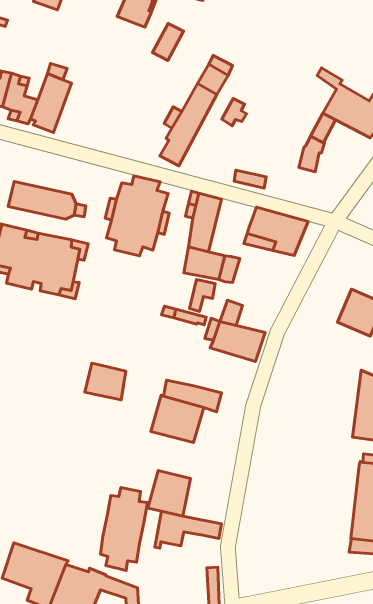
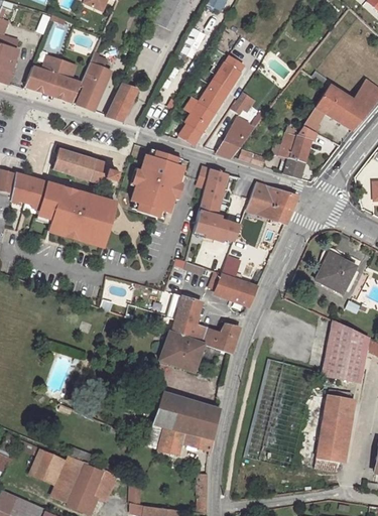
building: none -> [107,84,138,121]
building: none -> [217,117,255,159]
building: none -> [280,125,305,177]
building: [85,363,126,400] -> [167,293,202,325]
building: none -> [214,324,241,353]
building: none -> [181,400,221,438]
building: [100,487,147,570] -> none

